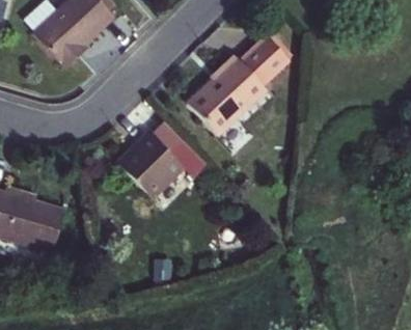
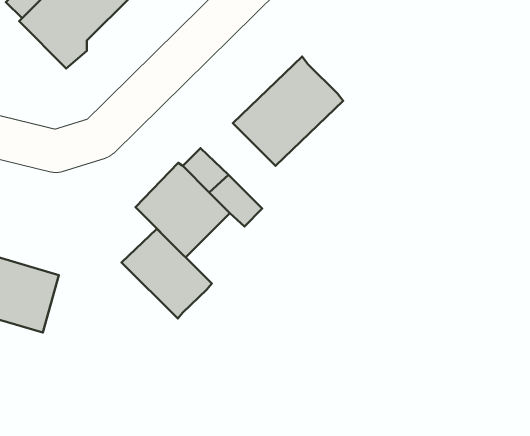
building: [239,36,286,83] -> none
building: none -> [122,229,212,319]

